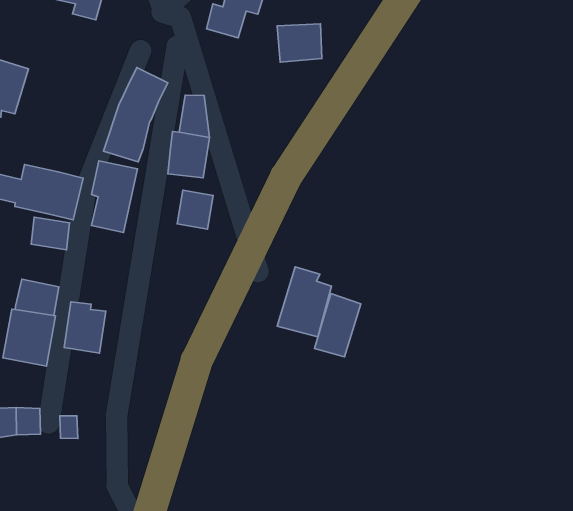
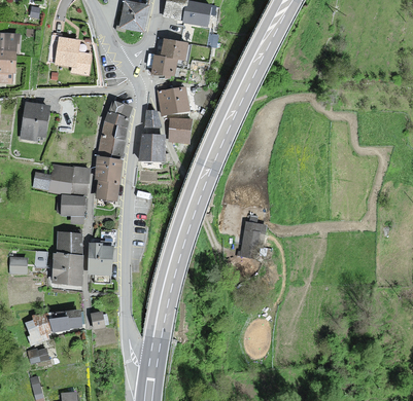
building: [277,24,322,62] -> [159,88,187,114]
building: [177,190,213,229] -> [170,121,190,143]
building: [277,267,332,337] -> none

